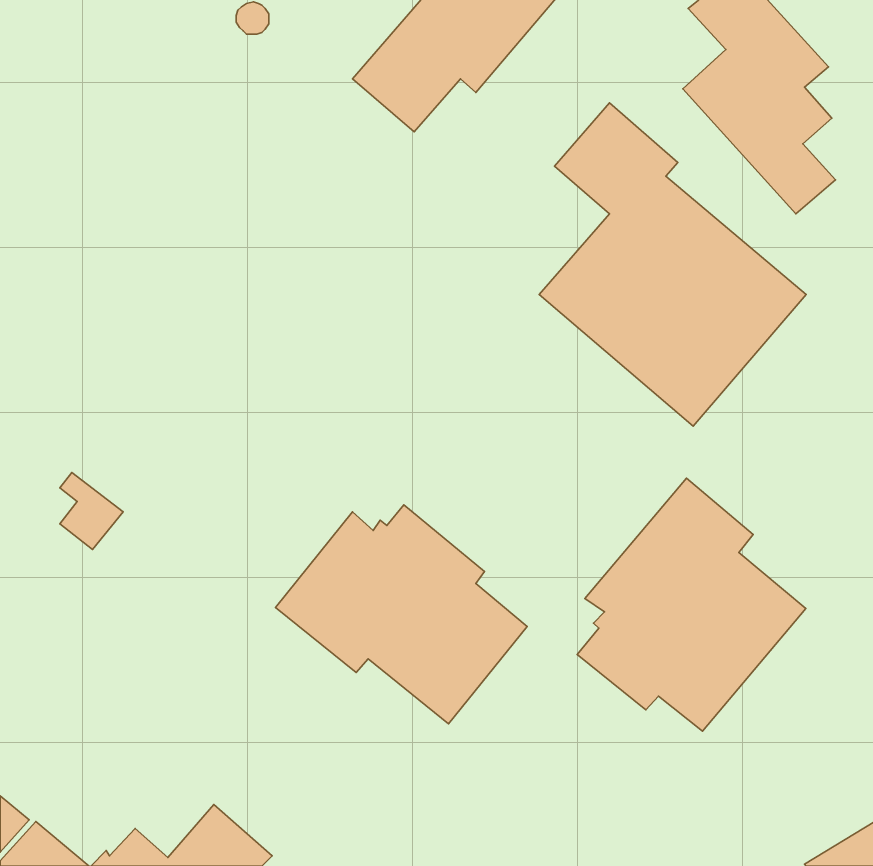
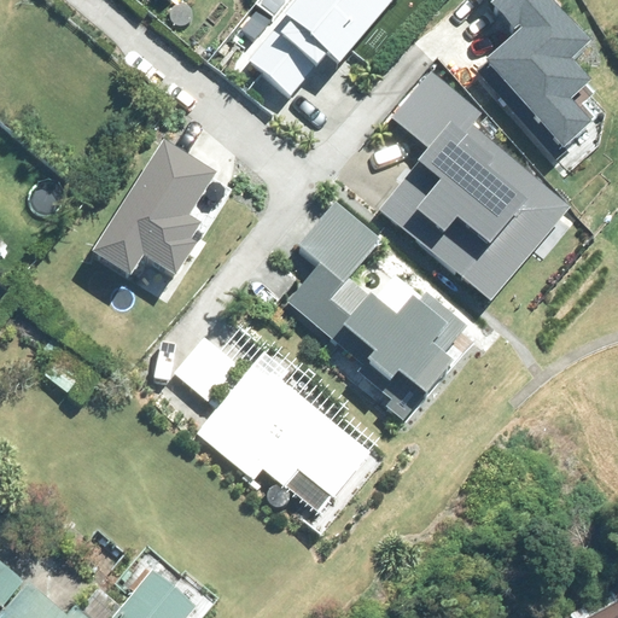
building: none -> [91,140,214,276]
building: none -> [288,205,467,409]
building: [577,478,806,731] -> none

